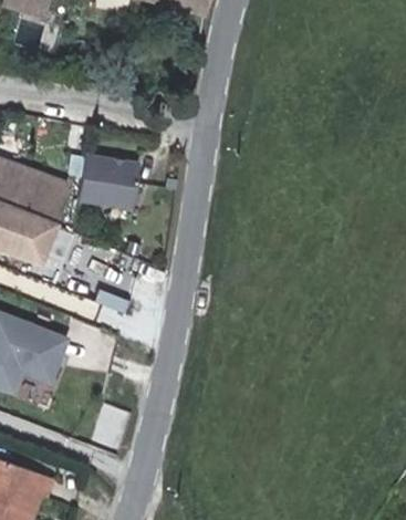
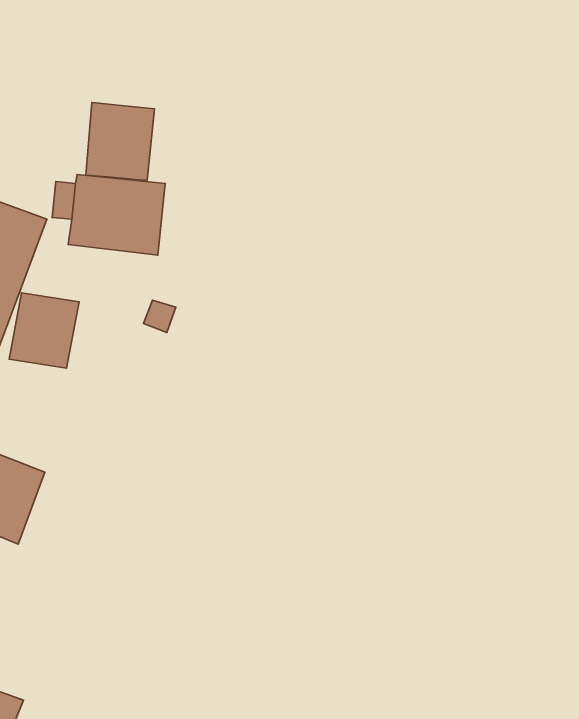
building: none -> [86,102,155,180]

